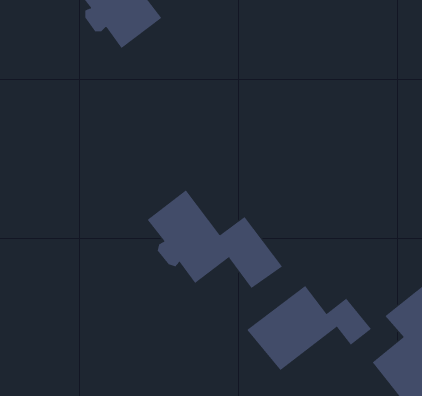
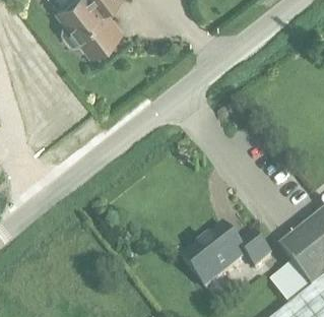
building: [147,190,283,289] -> none

